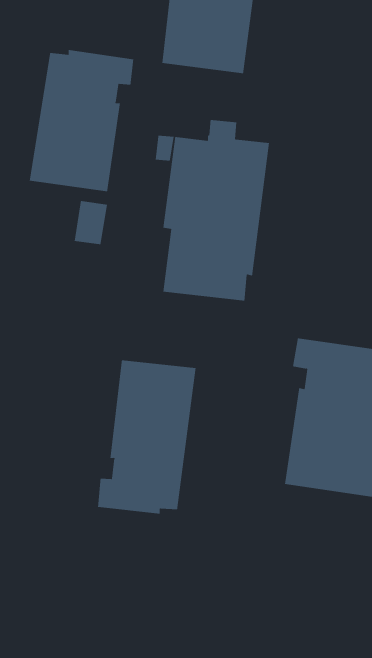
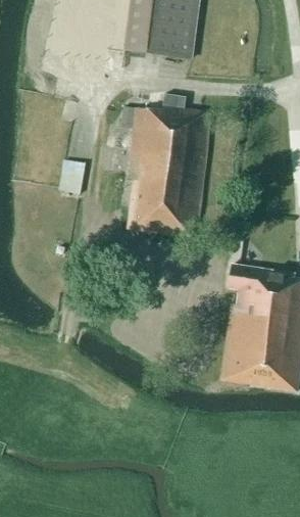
building: [29,49,134,192] -> none
building: [97,360,196,515] -> none

